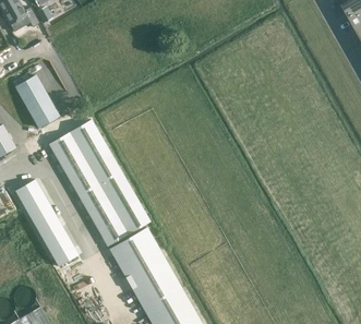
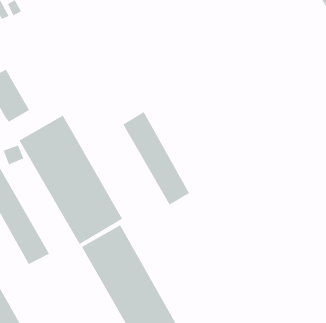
building: none -> [123,111,190,206]

